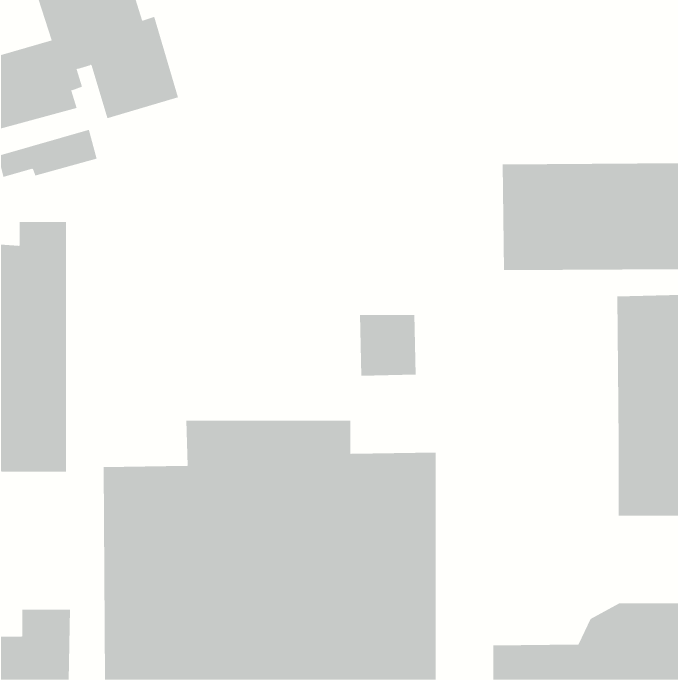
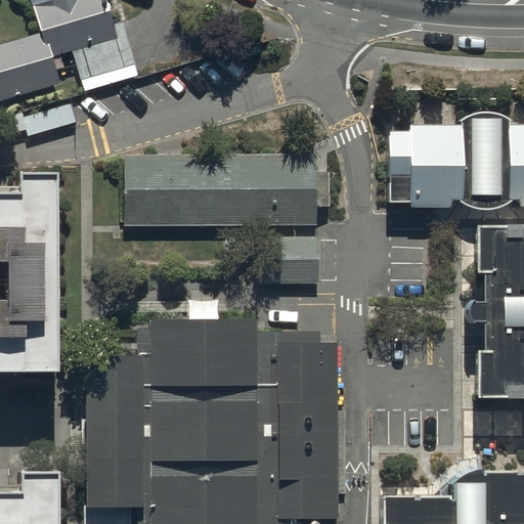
building: none -> [128,160,319,231]

